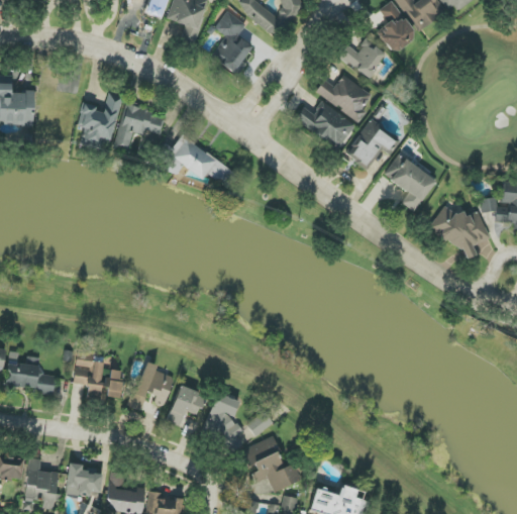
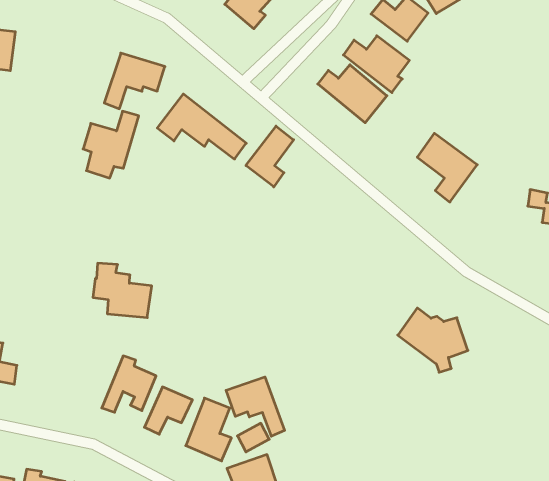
building: [77,92,122,149] -> [83,111,139,178]
building: [346,121,396,168] -> none
building: none -> [246,126,294,187]
building: [428,205,489,259] -> [398,308,468,372]
building: [74,354,123,398] -> [93,263,152,318]
building: none -> [226,377,285,436]

